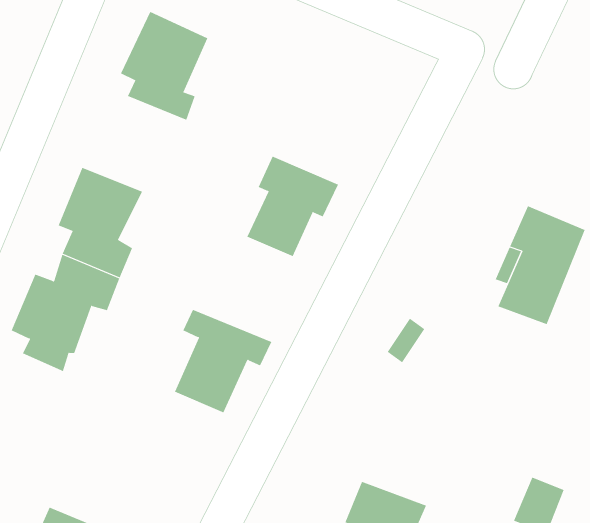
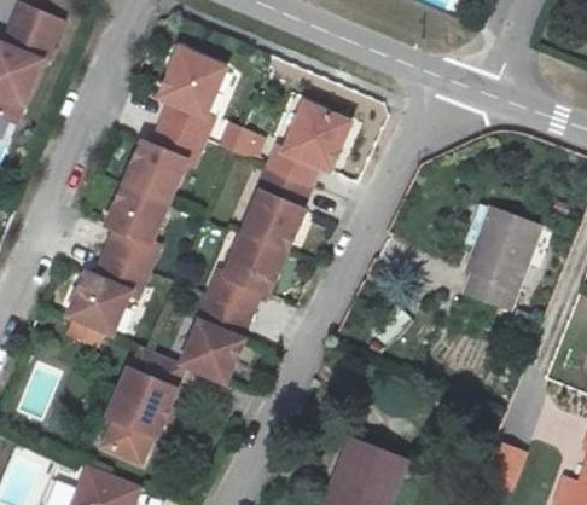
building: none -> [277,108,354,192]
building: none -> [115,117,204,198]
building: none -> [216,121,266,161]
building: none -> [209,237,295,326]
building: none -> [98,347,186,466]

